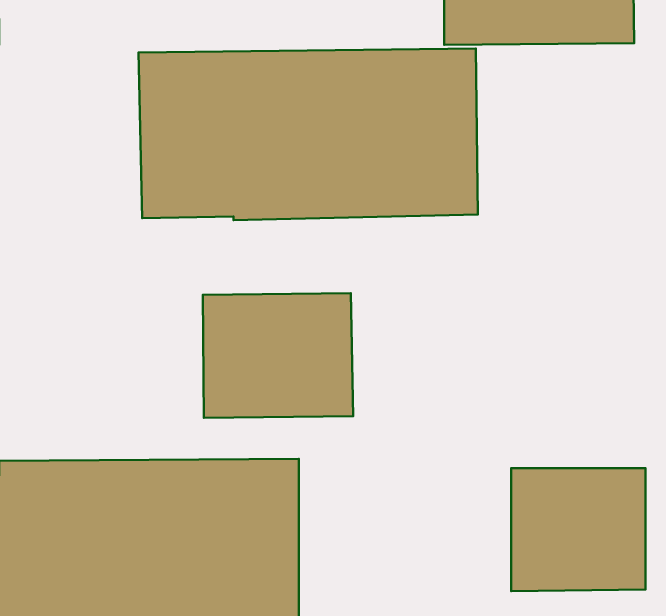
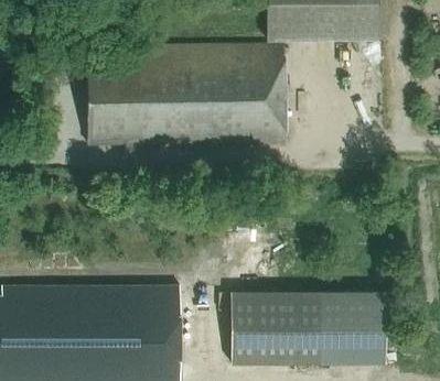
building: [203,293,353,418] -> none
building: none -> [232,292,307,364]

